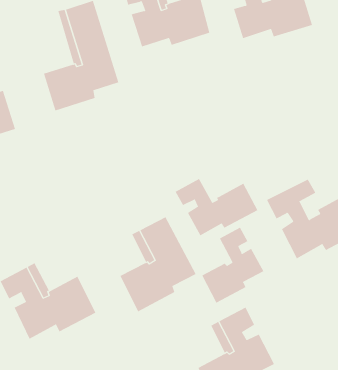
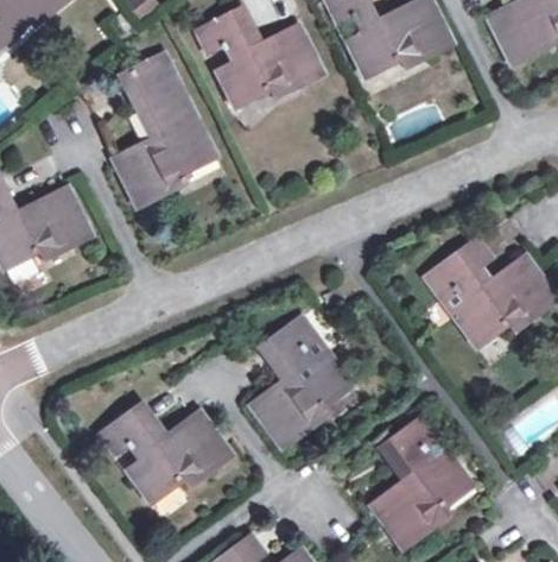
building: [175,178,258,236] -> none
building: [201,227,264,303] -> none

